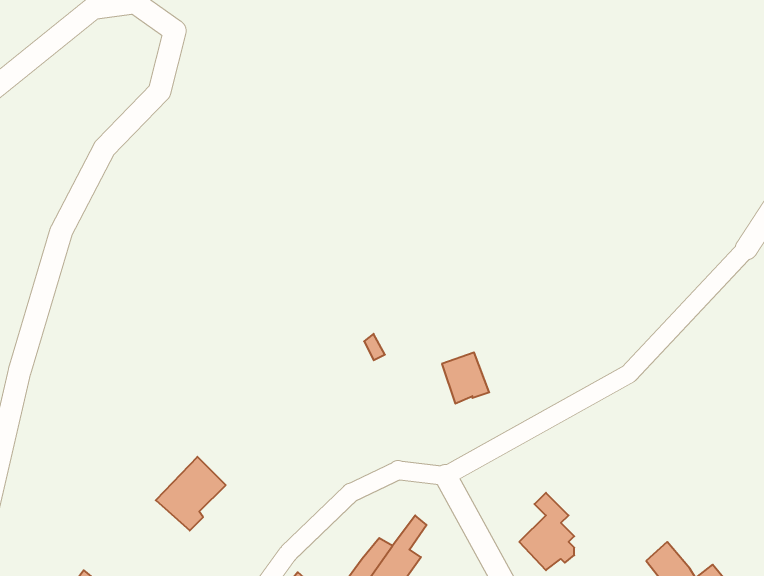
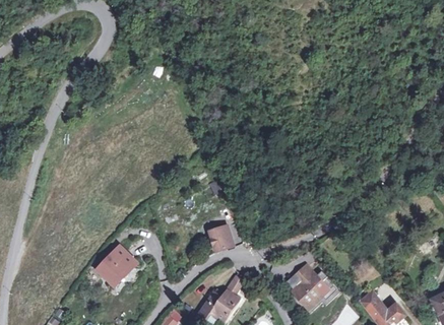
building: [442,352,489,404] -> [209,224,235,252]

